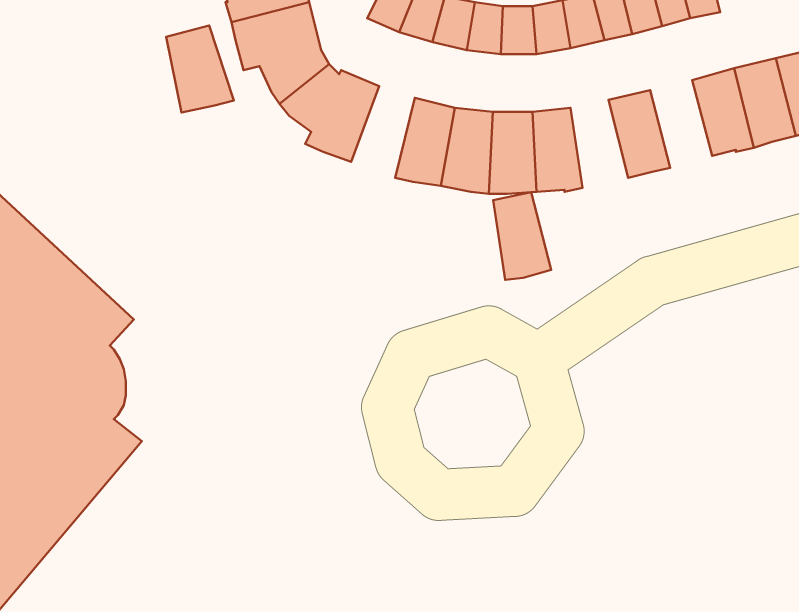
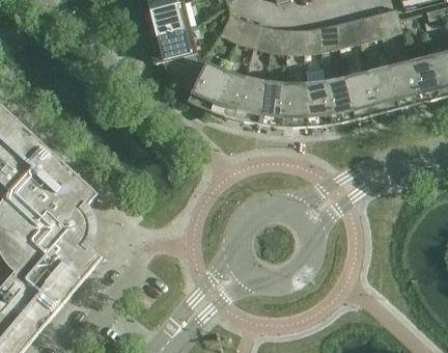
building: [166,25,234,112] -> none
building: none -> [366,66,398,112]
building: none -> [211,70,244,117]
building: [493,192,551,280] -> [325,77,355,123]

